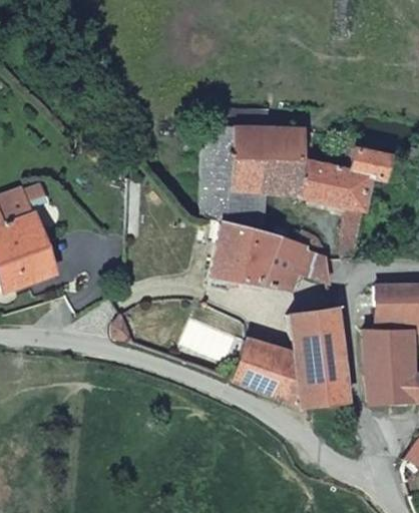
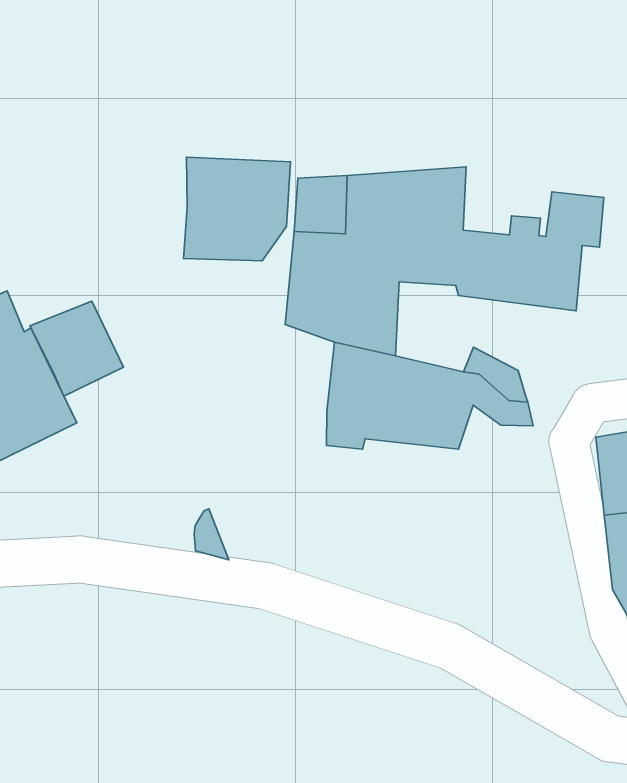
building: none -> [184,157,291,261]
building: none -> [30,301,124,396]
building: [247,308,353,413] -> none

